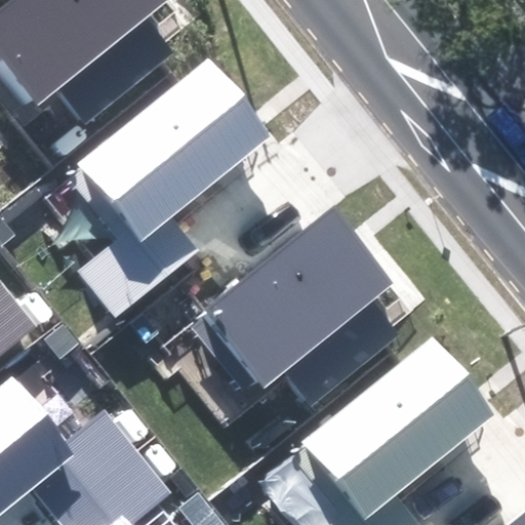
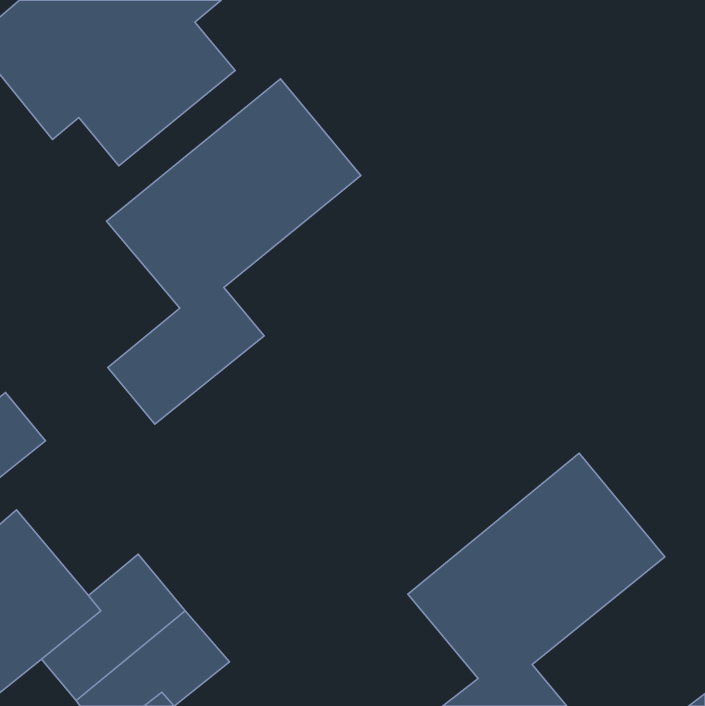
building: [200,208,397,405] -> none

